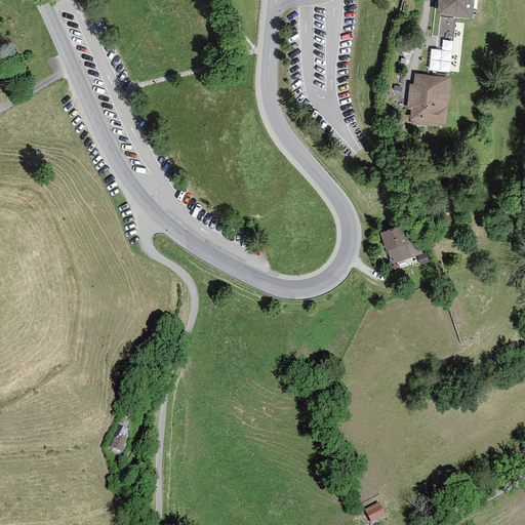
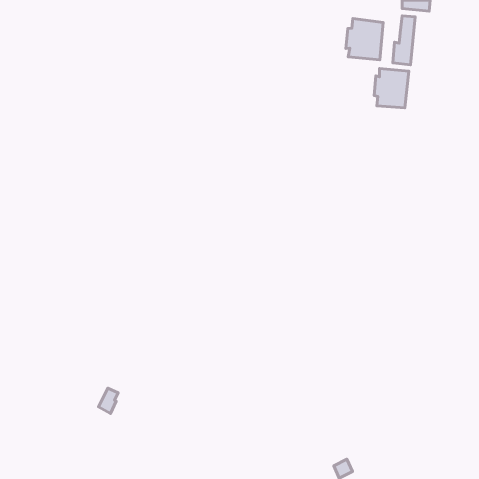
building: none -> [346,19,383,60]
building: [382,228,411,262] -> none

